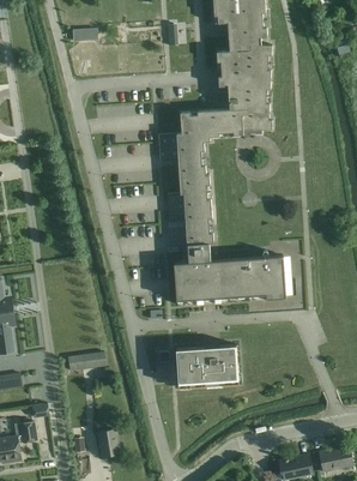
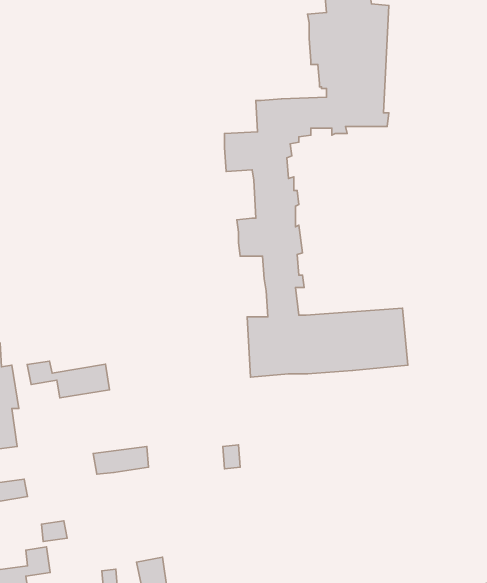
building: none -> [27,361,110,398]
building: [175,344,238,386] -> none

